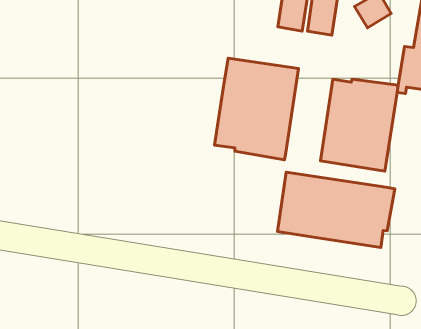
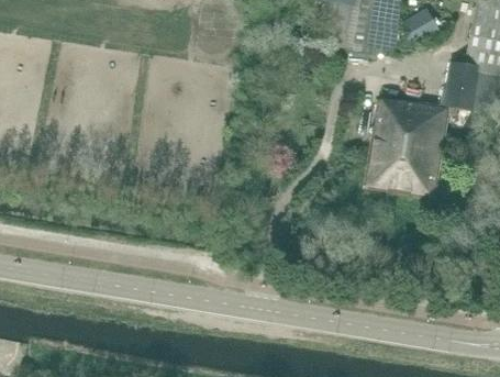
building: [215,58,299,160] -> none
building: [278,172,395,248] -> none

